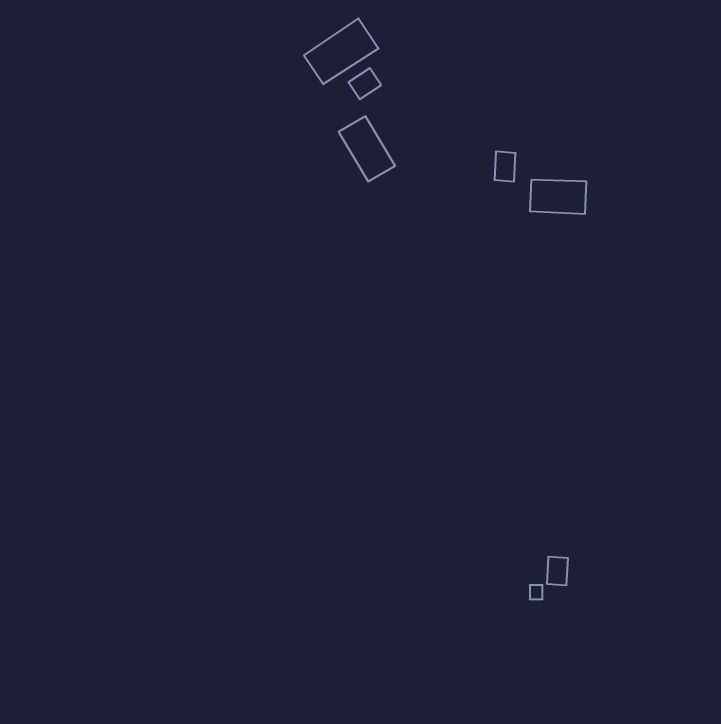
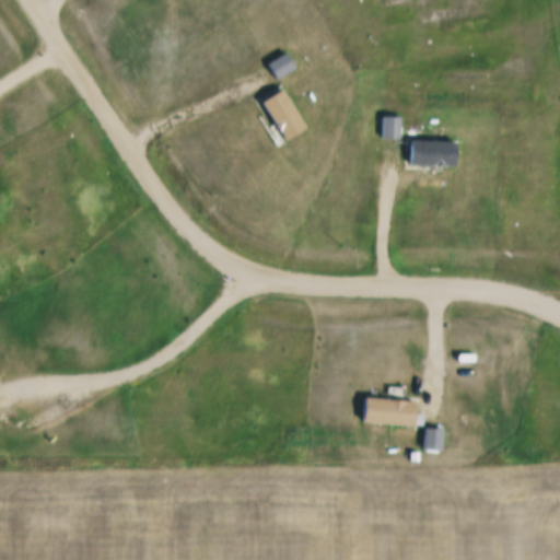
building: [304,18,379,84] -> none
building: none -> [363,394,413,429]

